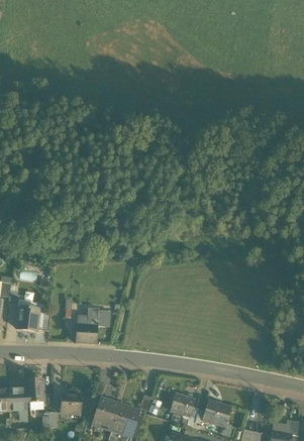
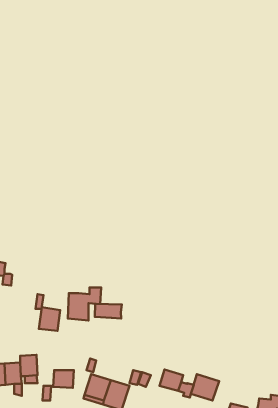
building: [16,306,38,330] -> [39,307,60,331]
building: none -> [95,304,122,319]

